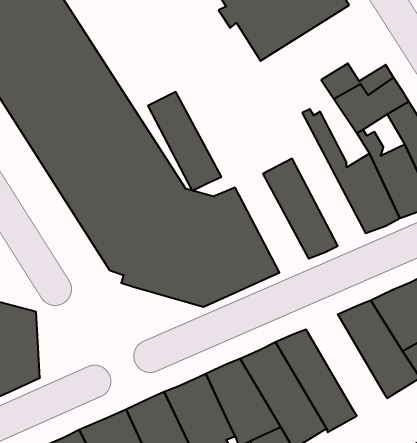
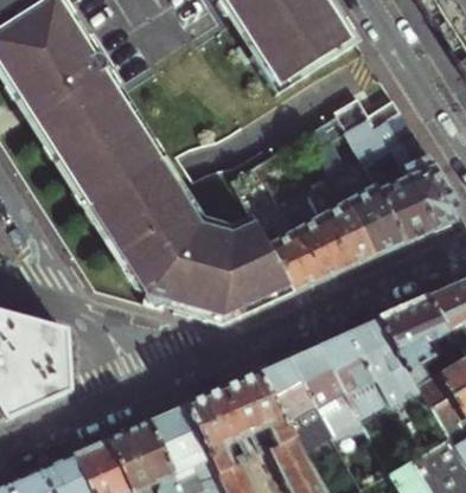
building: [148,92,221,191] -> [254,198,323,290]
building: none -> [307,171,376,265]
building: none -> [320,329,394,421]

